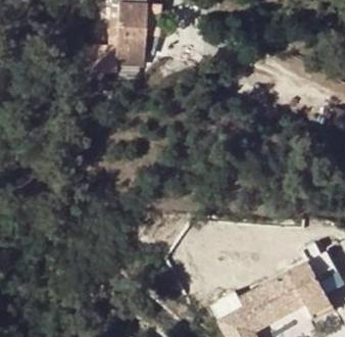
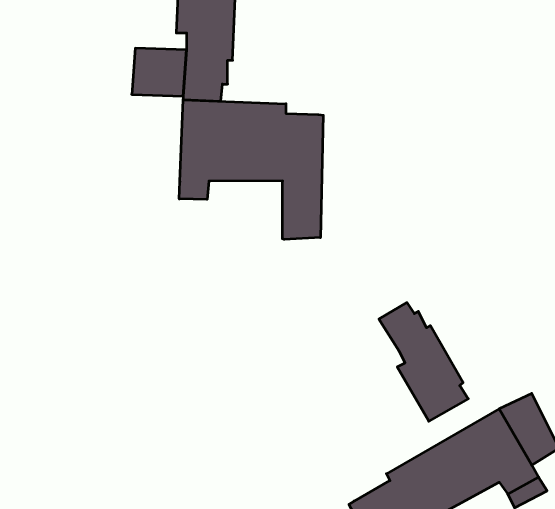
building: none -> [179,100,323,239]
building: none -> [379,303,468,421]

